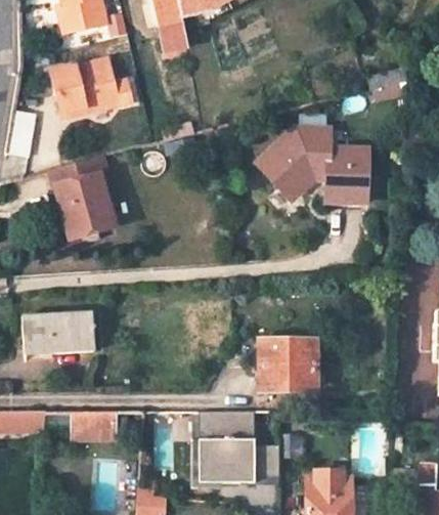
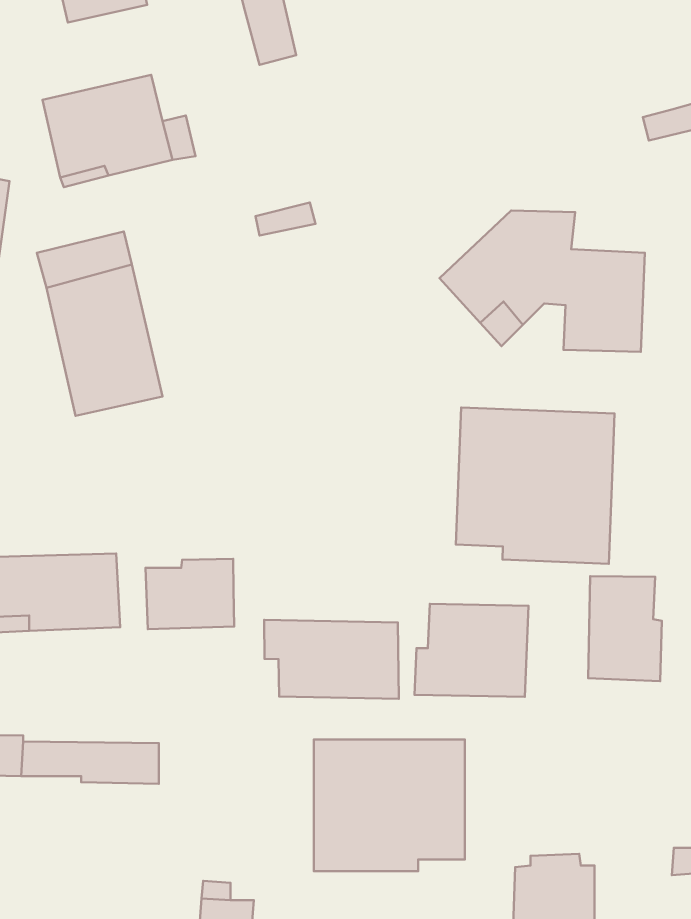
building: none -> [456,407,615,564]
building: none -> [146,559,234,629]
building: none -> [588,576,662,681]
building: none -> [264,620,399,699]

